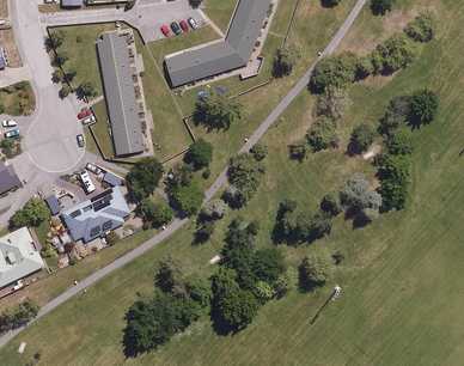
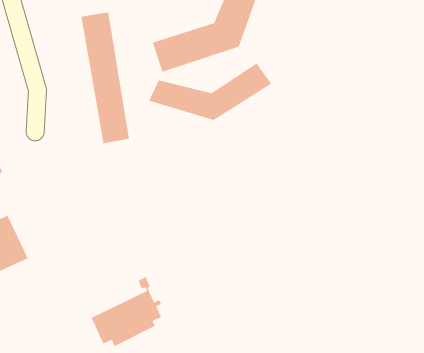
building: none -> [148,62,272,121]
building: [61,172,130,242] -> [91,276,162,347]

